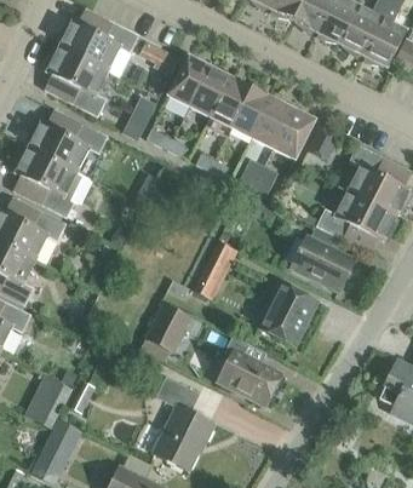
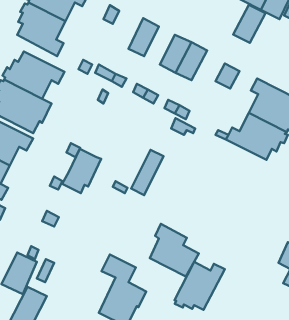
building: [168,56,210,107] -> none
building: [211,77,251,127] -> none
building: [273,109,315,159] -> [233,5,266,43]
building: [285,234,354,291] -> none
building: [256,281,319,346] -> none
building: [140,304,191,362] -> [62,149,101,193]
building: none -> [175,262,225,310]

